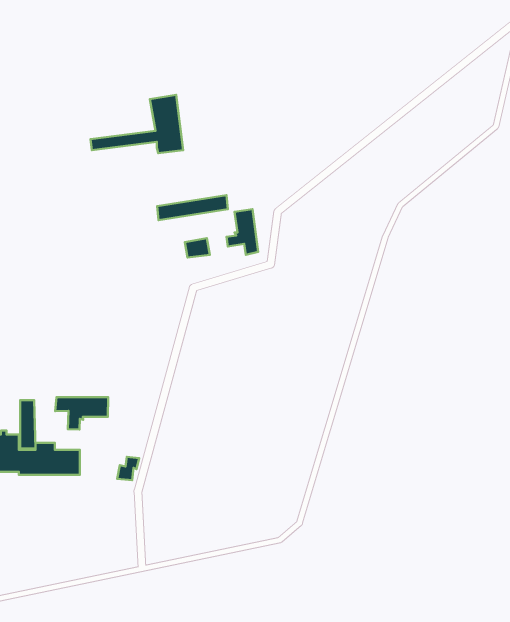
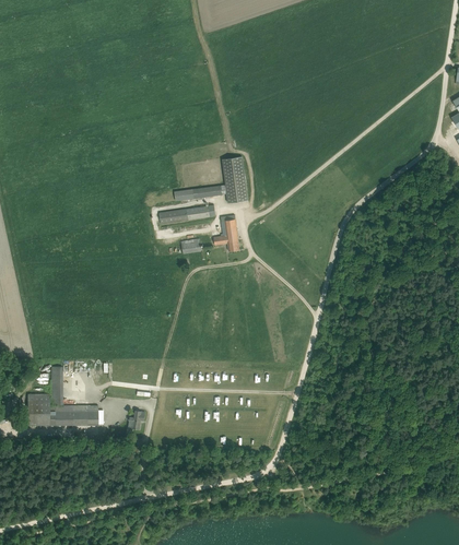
building: [90,95,183,153] -> [175,156,248,202]
building: [55,397,108,429] -> none

